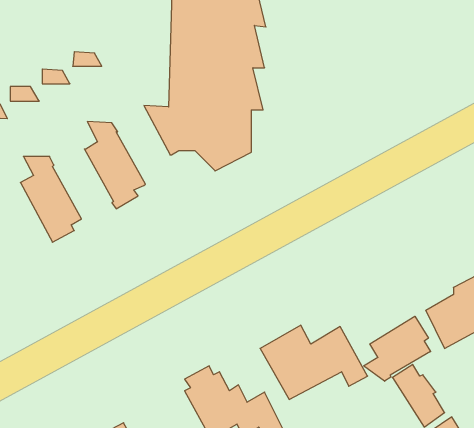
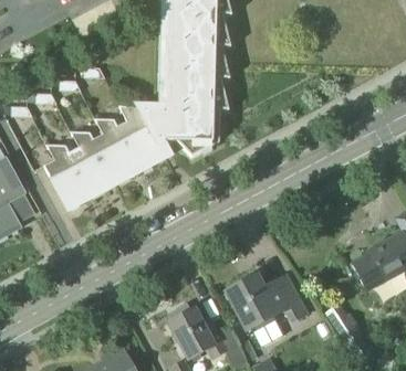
building: none -> [116,107,163,172]
building: none -> [67,132,114,198]
building: [364,316,431,381] -> none

